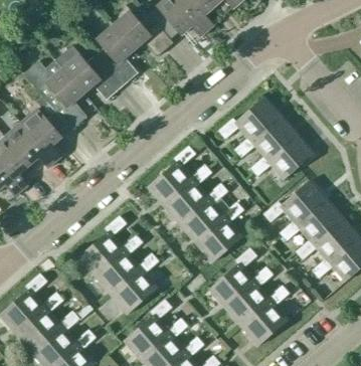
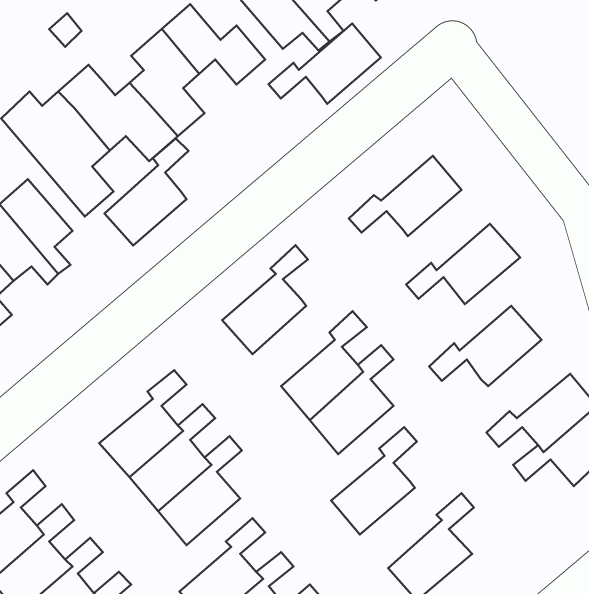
building: [234,116,298,161] -> [268,23,381,104]
building: [164,166,211,226] -> [105,138,188,246]
building: [280,200,343,244] -> none
building: [224,267,273,329] -> none

